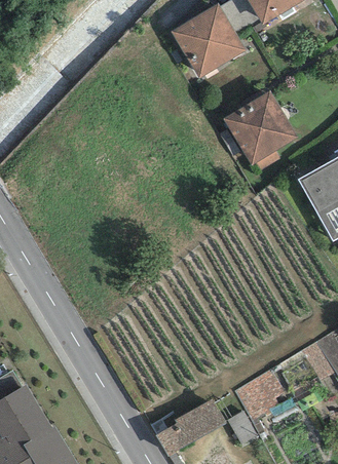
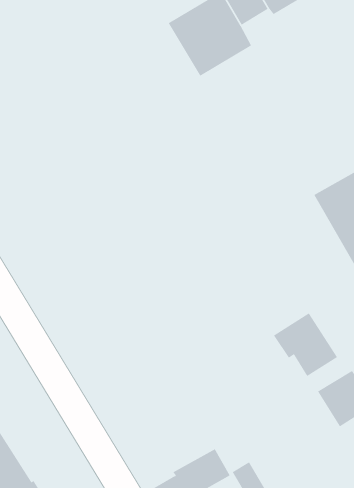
building: [224,90,299,164] -> none
building: none -> [273,313,338,377]
building: [234,369,285,420] -> none

